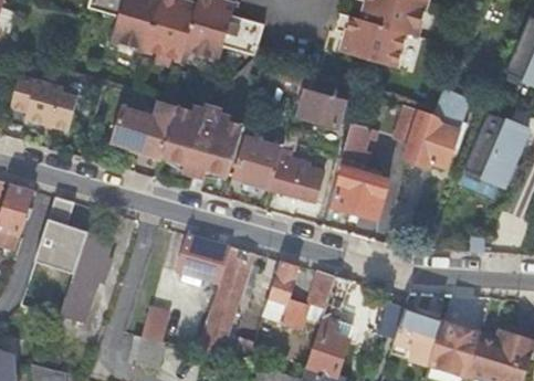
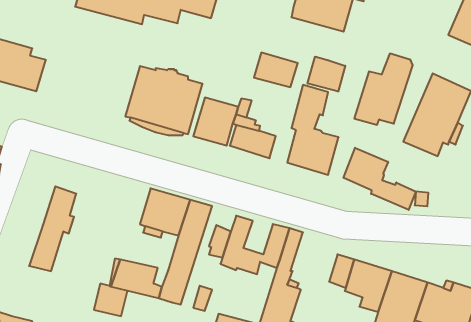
building: none -> [308,57,345,92]
building: [111,100,178,159] -> none
building: none -> [344,148,416,210]
building: [35,195,88,273] -> none

